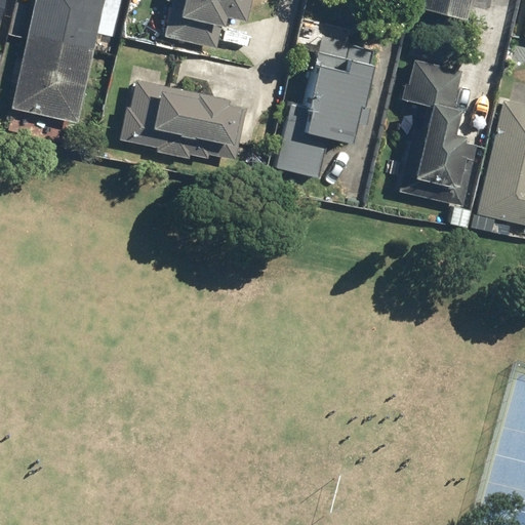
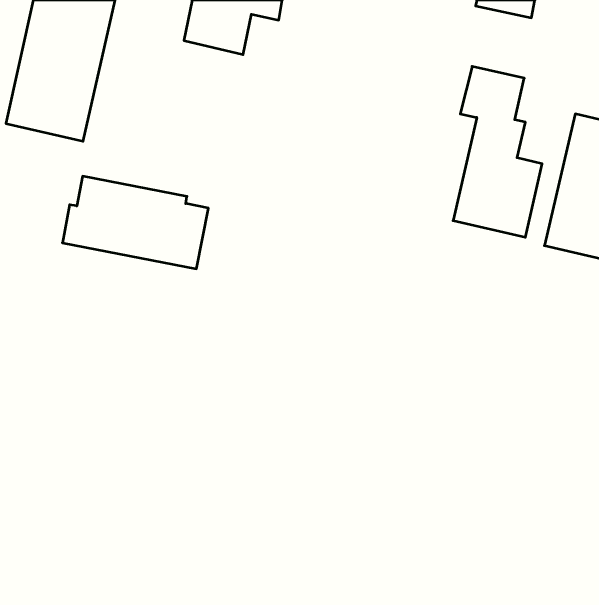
building: [272,44,374,177] -> none
building: [120,80,246,160] -> [62,176,208,269]

